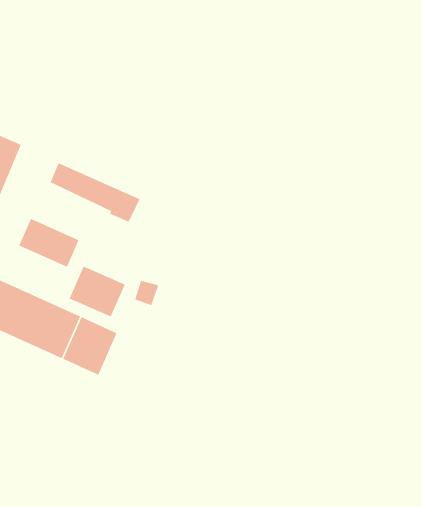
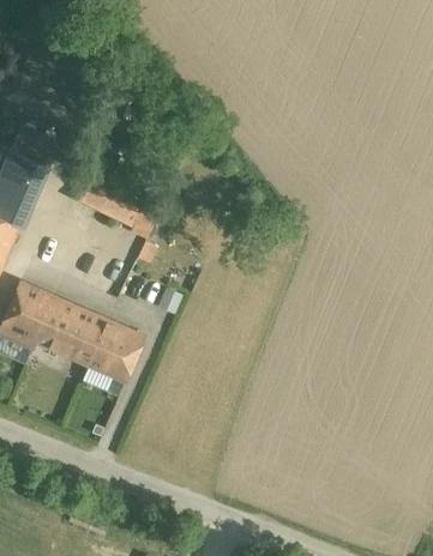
building: [18,218,80,268] -> none
building: [69,265,126,317] -> none

